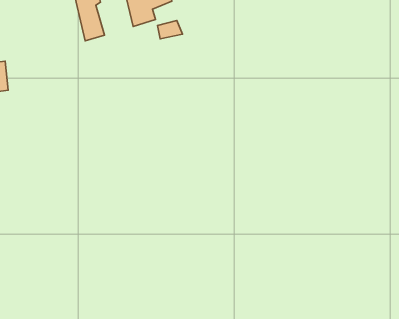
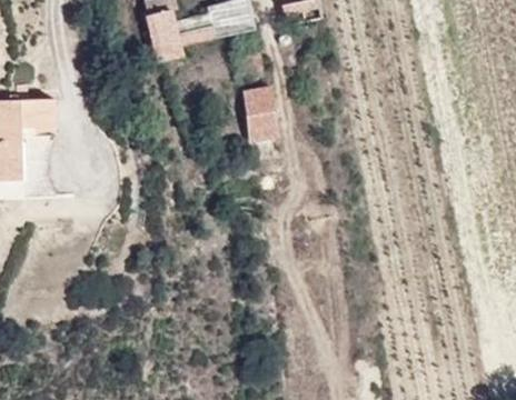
building: none -> [242,93,281,141]

